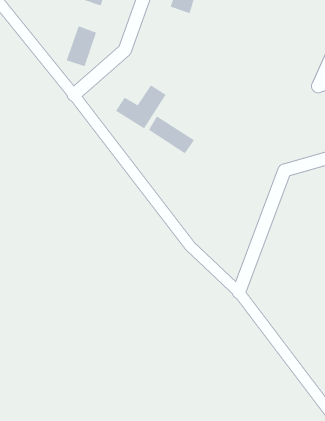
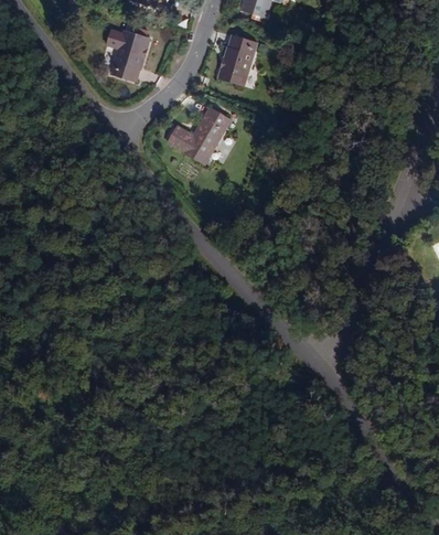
building: none -> [217,40,255,90]
building: [148,115,195,154] -> none

